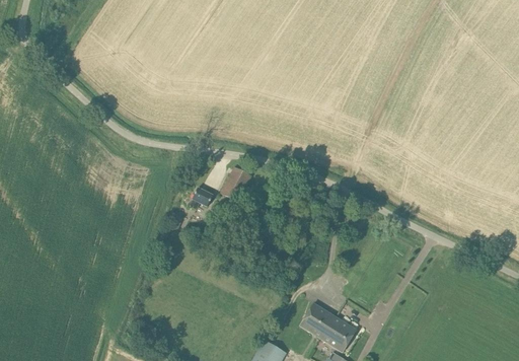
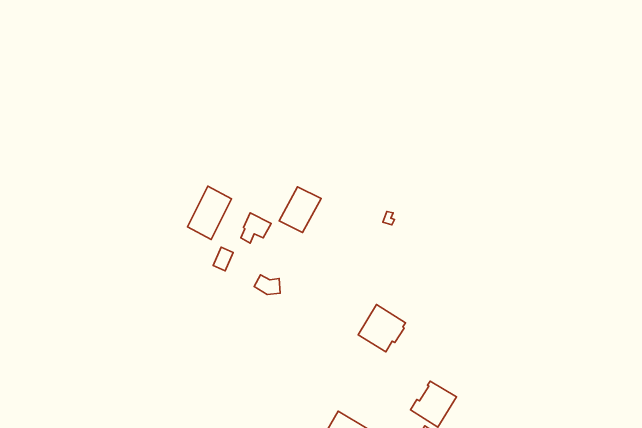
building: none -> [188,186,231,240]
building: [300,302,337,339] -> [358,304,405,352]

